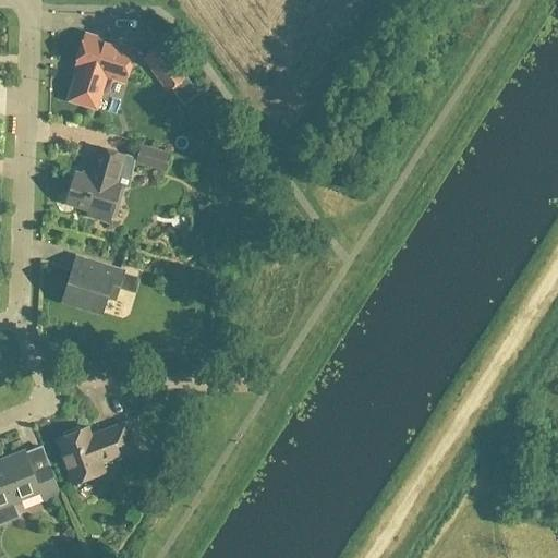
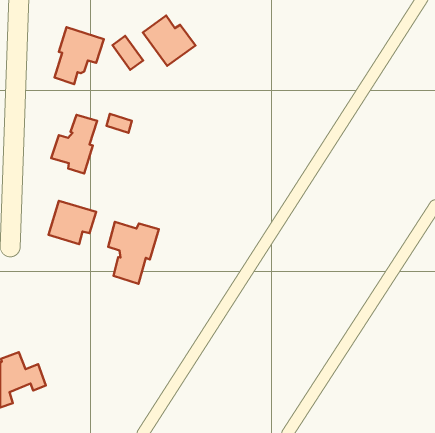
building: none -> [143,16,196,66]
building: none -> [108,222,159,284]
building: [57,423,135,484] -> none

